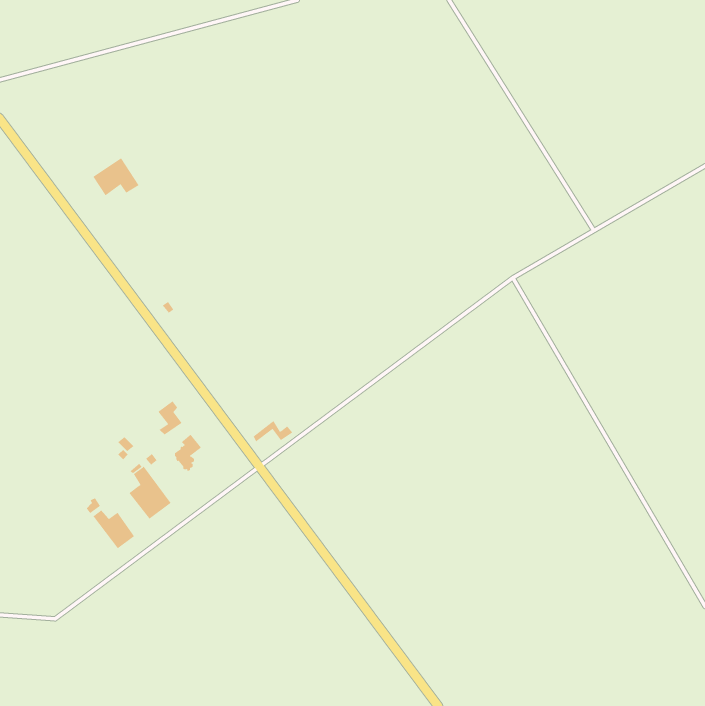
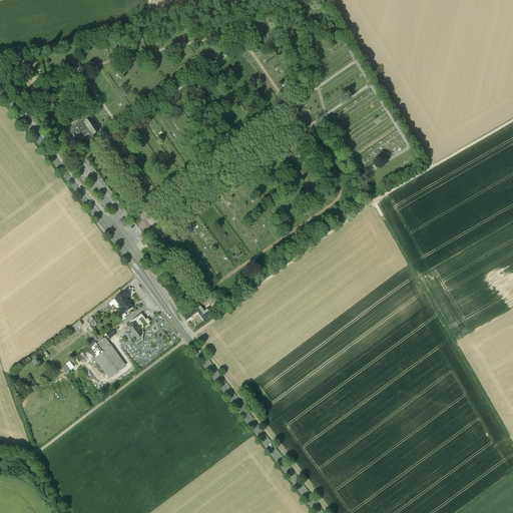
building: [93,509,135,549] -> none

